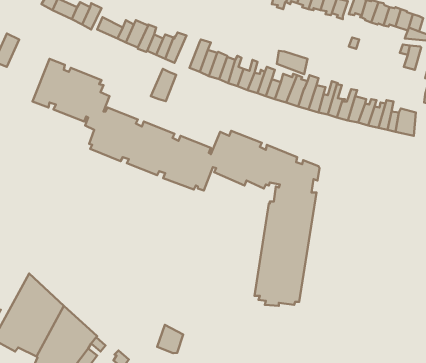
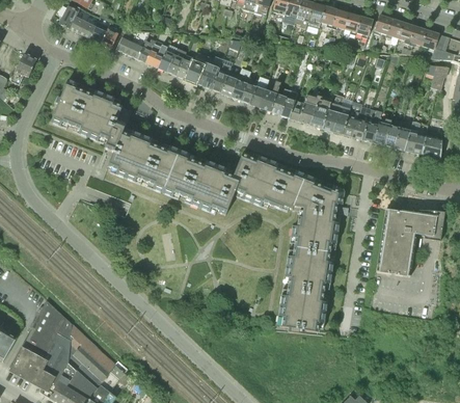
building: [277,51,308,74] -> none
building: [151,69,176,101] -> [195,55,221,88]
building: none -> [376,207,437,276]
building: [157,325,183,353] -> none

